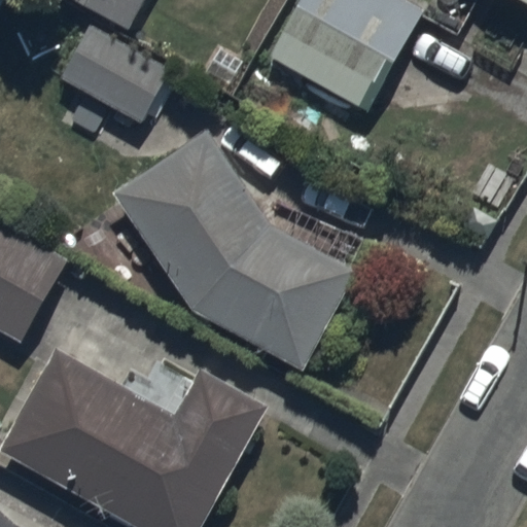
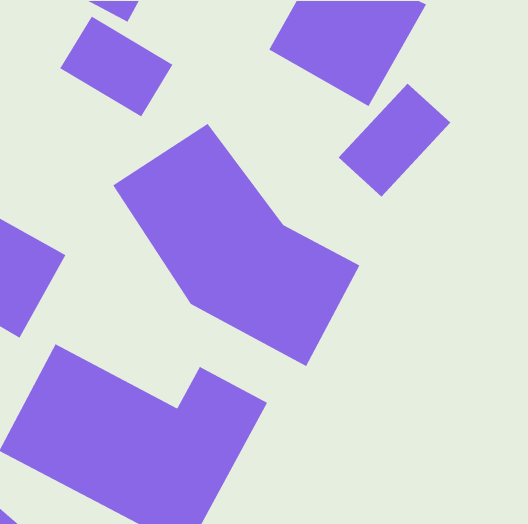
building: none -> [338,83,451,197]

